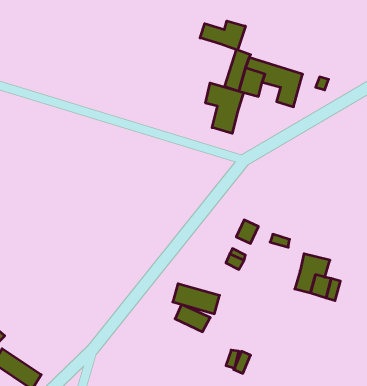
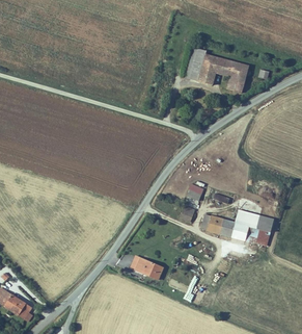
building: [200,21,245,50] -> none
building: [206,83,244,133] -> none
building: [173,284,220,314] -> [202,214,240,238]

